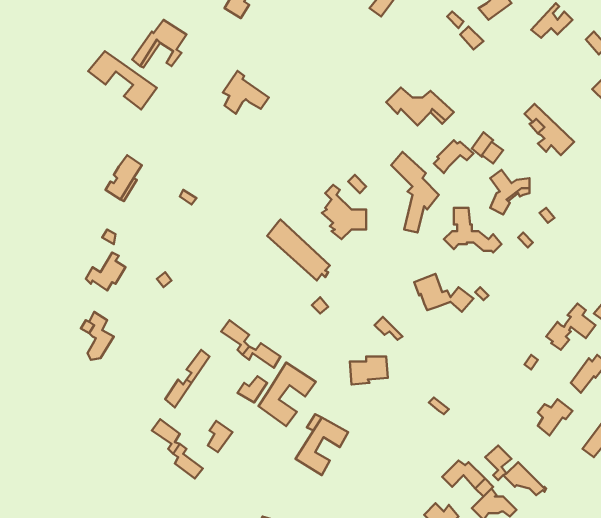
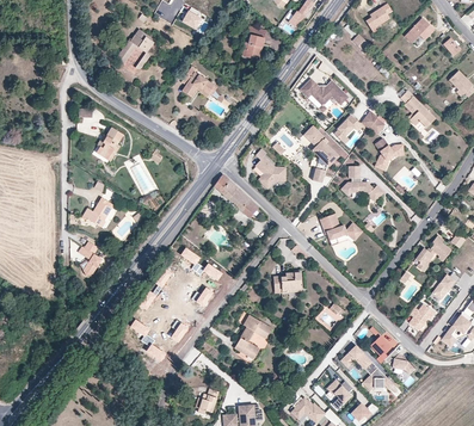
building: none -> [242,26,266,58]
building: [88,51,157,109] -> none
building: [258,363,316,426] -> none

